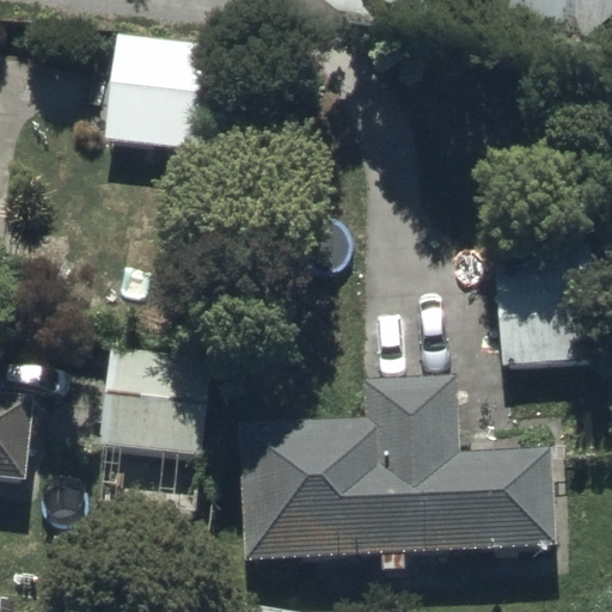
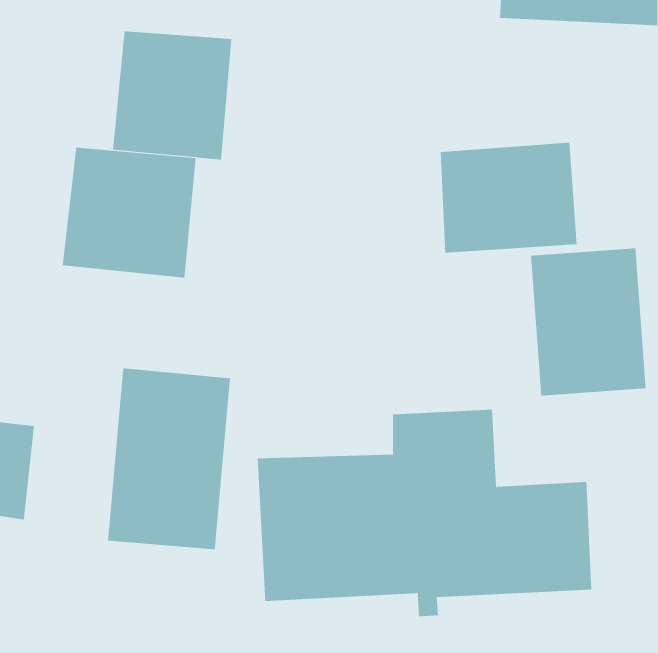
building: none -> [440,142,577,254]
building: none -> [62,147,196,279]

